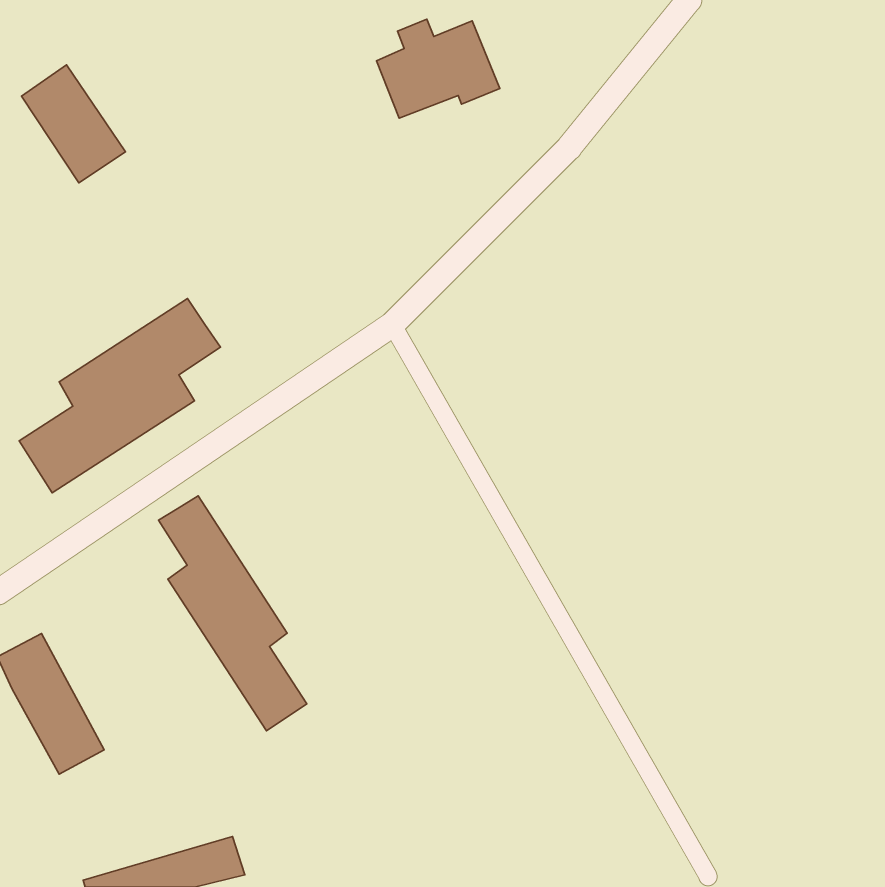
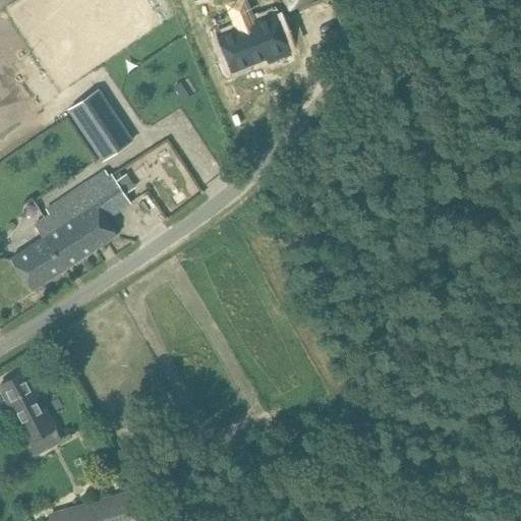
building: [22,65,126,183] -> [69,91,130,160]
building: [159,496,307,731] -> none

